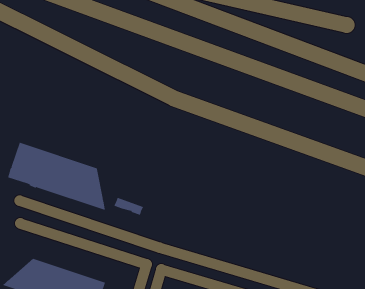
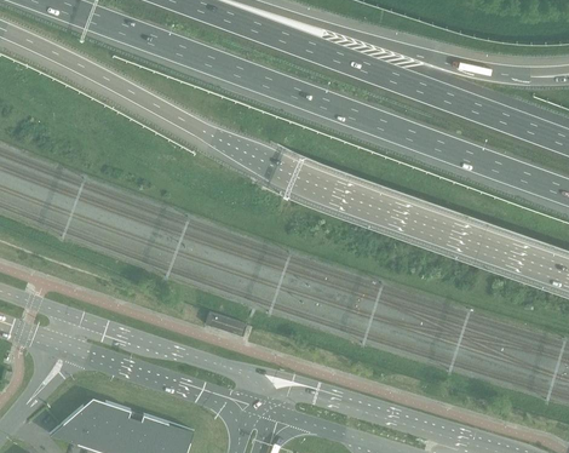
building: [8,142,106,211] -> none

